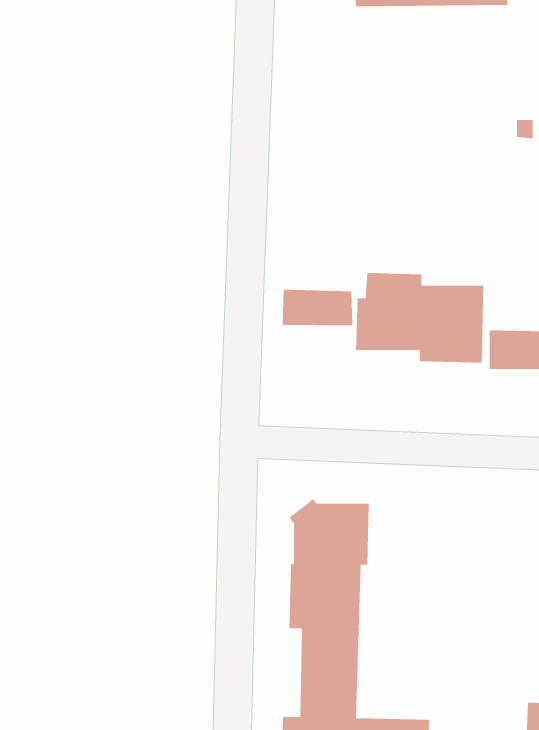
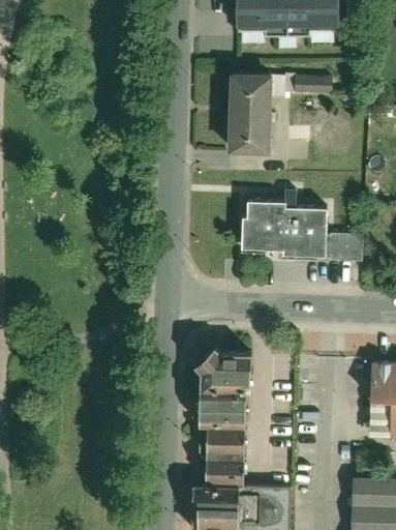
building: none -> [229,67,333,149]
building: [282,289,353,326] -> none

